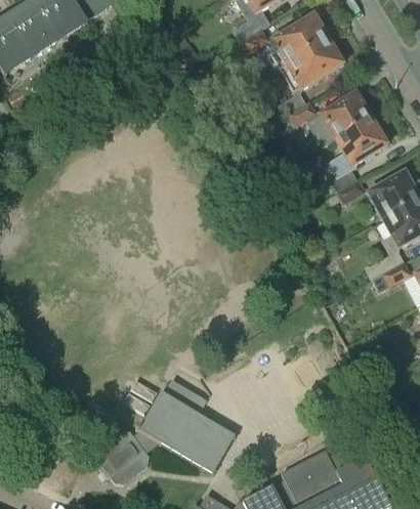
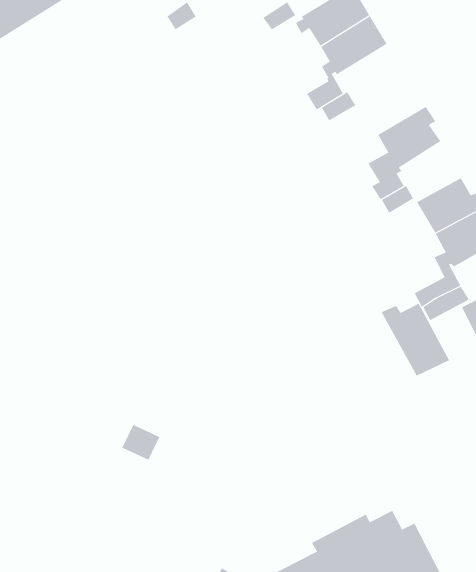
building: [320,93,374,138] -> none
building: none -> [381,303,450,377]
building: [95,378,235,482] -> none

